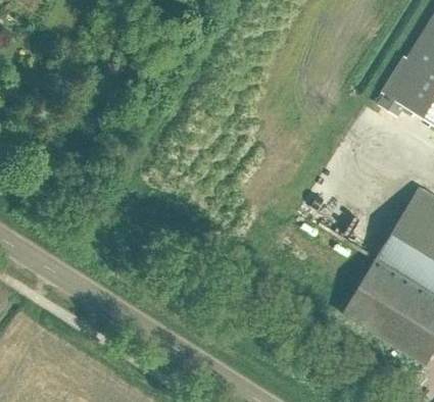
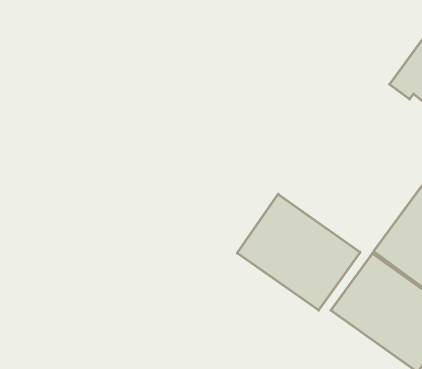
building: none -> [237,194,360,310]

